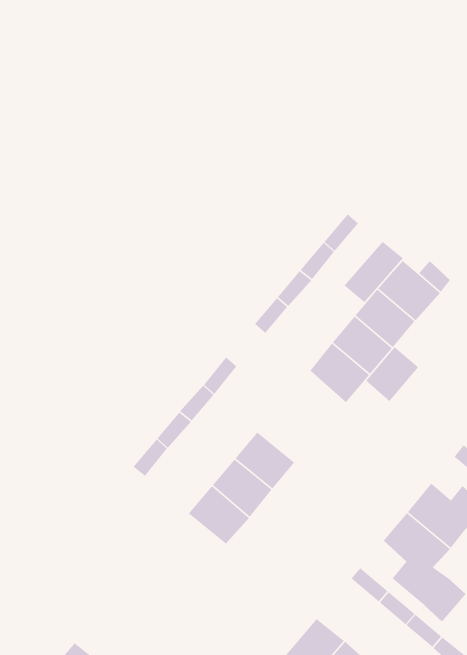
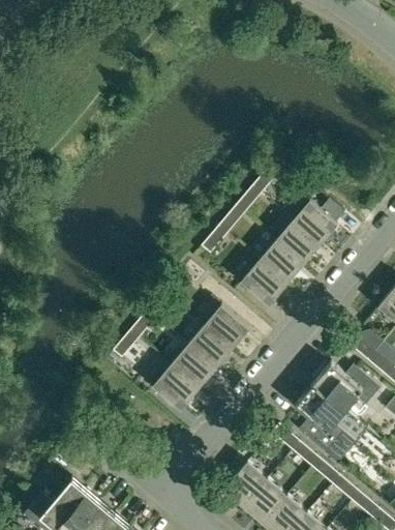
building: [343,241,404,303] -> none
building: [365,346,419,402] -> none
building: none -> [205,303,250,347]

